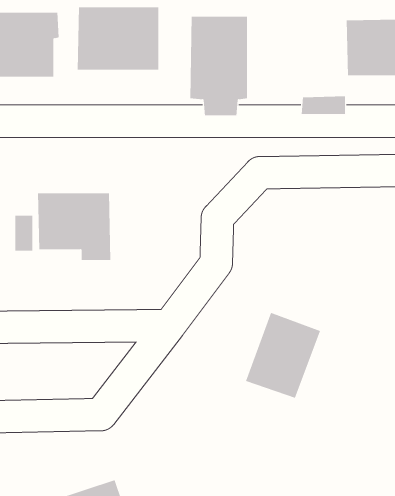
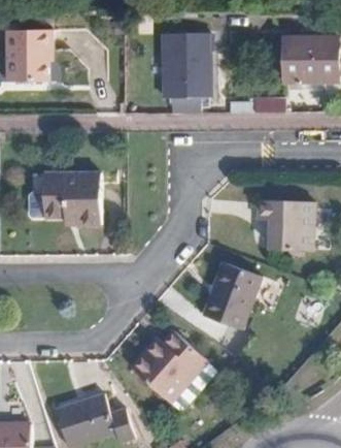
building: [77,6,159,70] -> none
building: none -> [258,200,314,252]
building: none -> [131,329,206,401]

